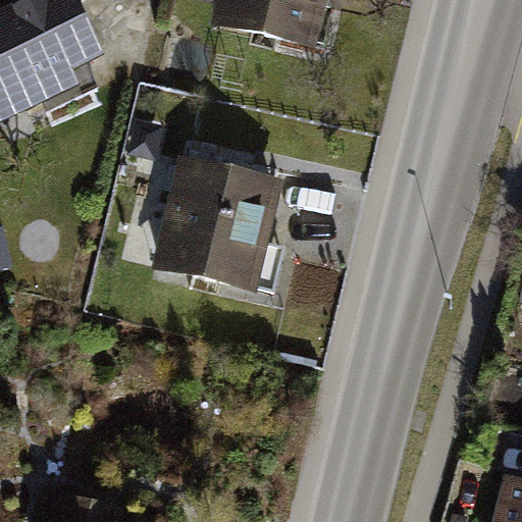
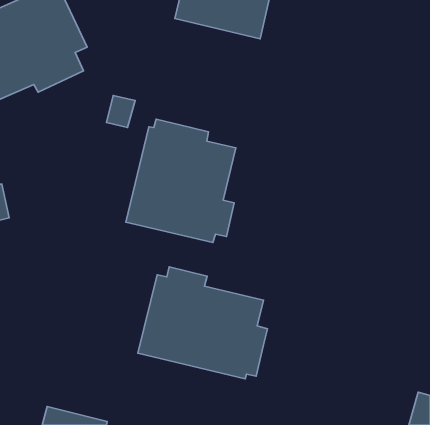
building: none -> [138,267,267,379]

